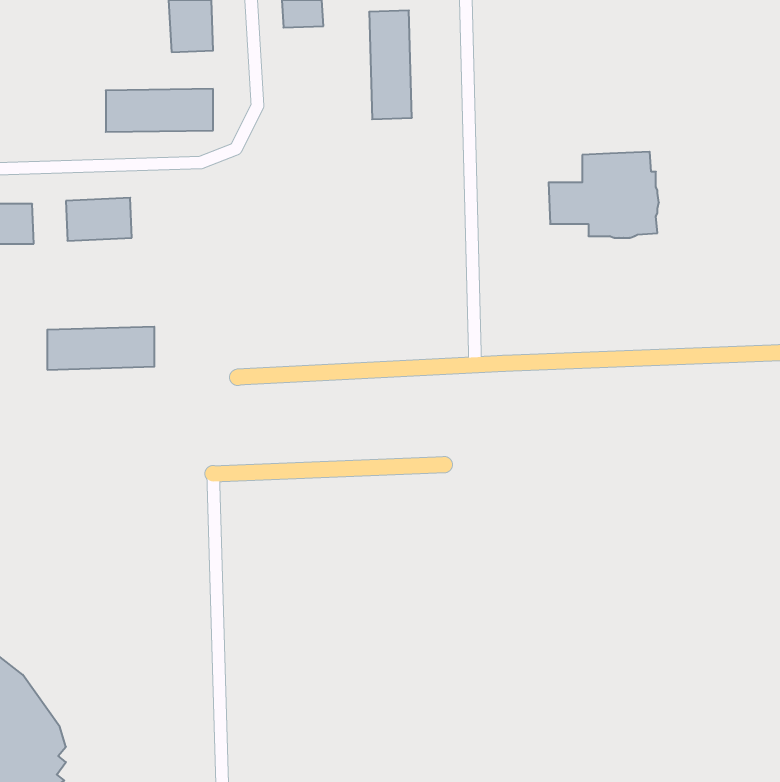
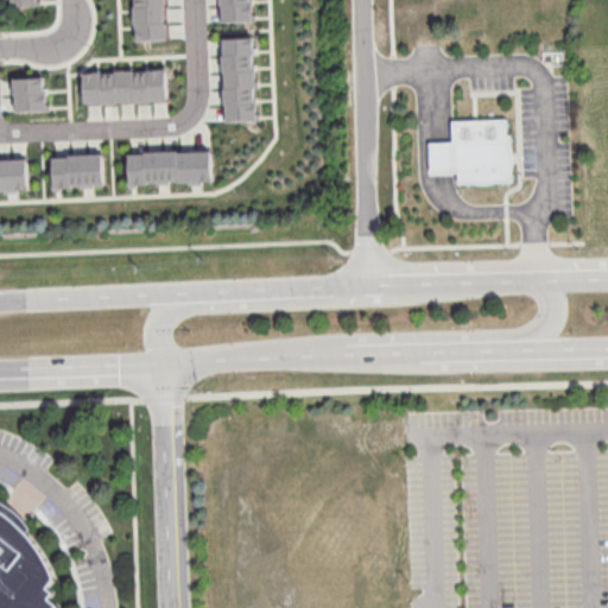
building: [369,10,412,119] -> [221,38,254,122]
building: none -> [12,77,45,113]
building: [47,327,154,370] -> [127,151,210,184]

